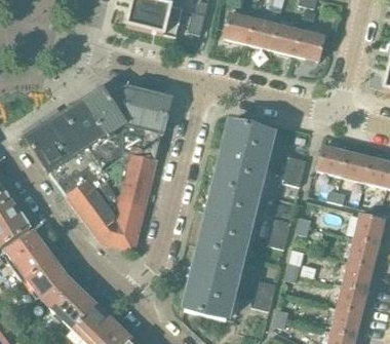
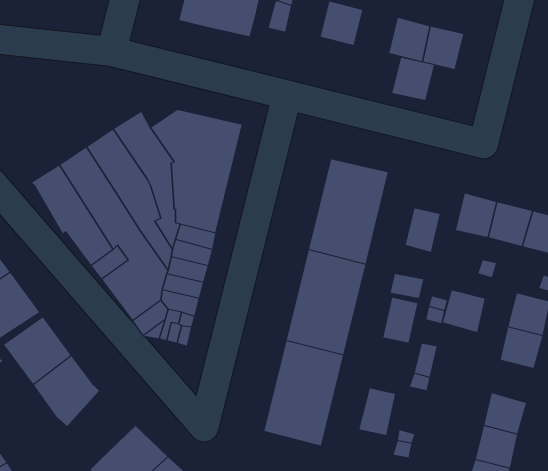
building: [247,18,277,48] -> [392,57,435,100]
building: [342,260,372,290] -> [442,290,485,333]
building: [49,281,96,329] -> none

